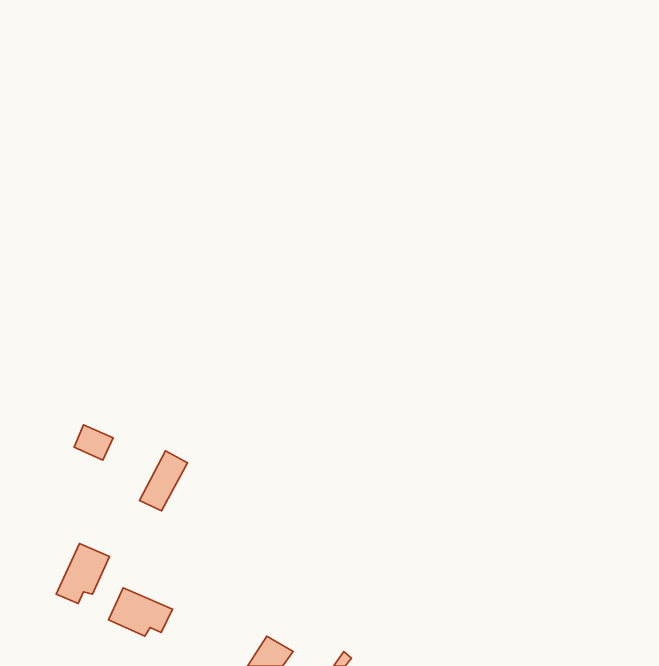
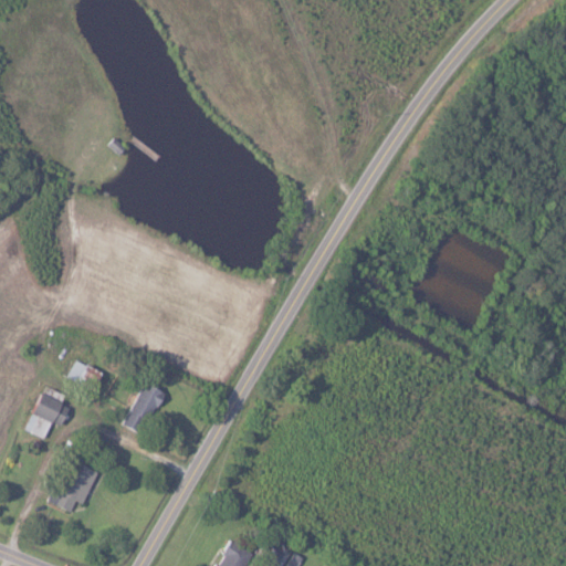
building: none -> [24,391,70,439]
building: [109,588,172,636] -> none

